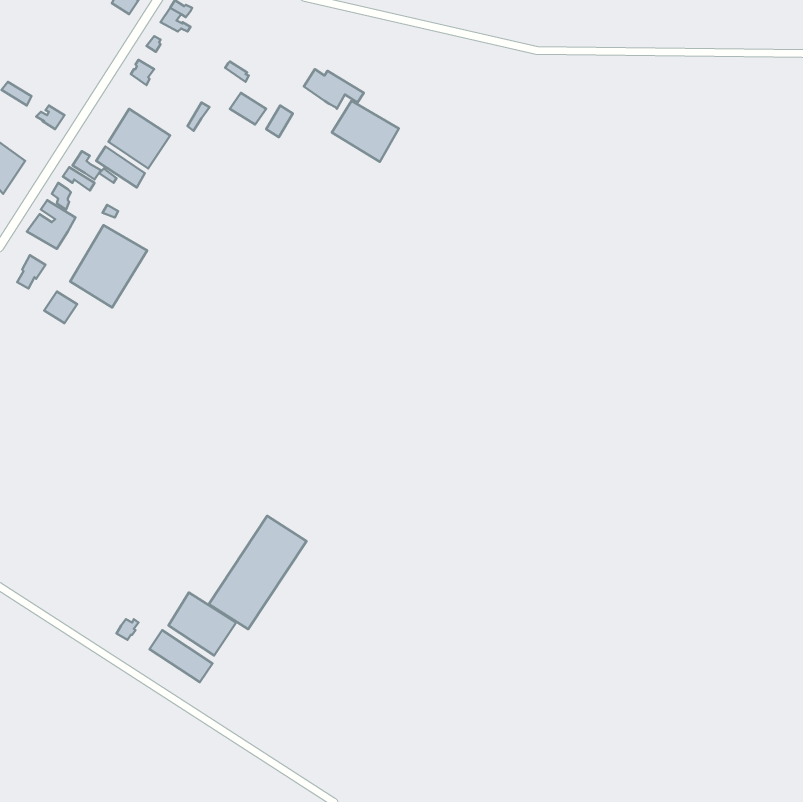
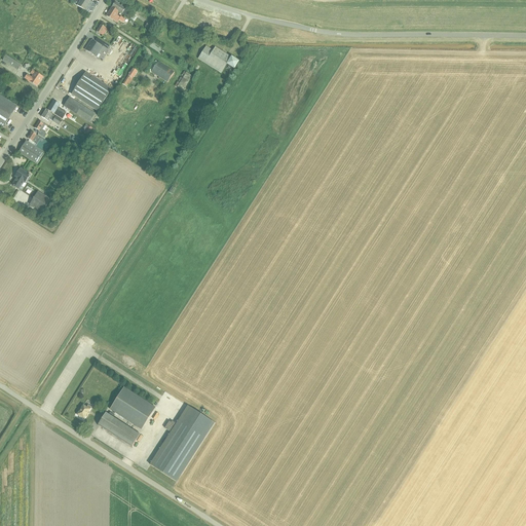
building: [332,101,399,162] -> none
building: [70,225,147,308] -> none
building: [209,516,307,629] -> [149,405,213,479]

